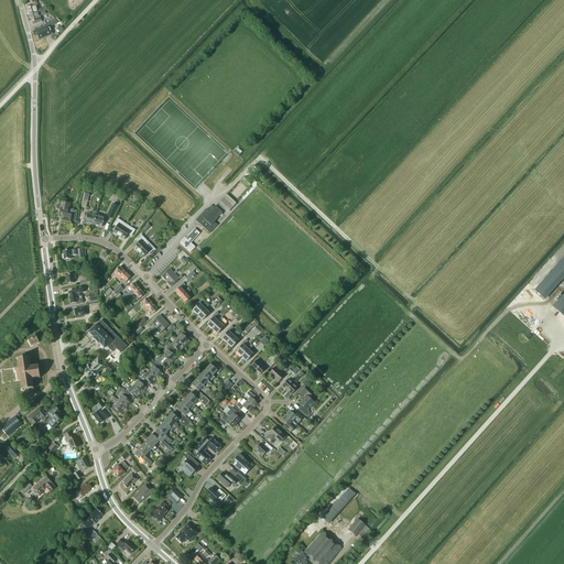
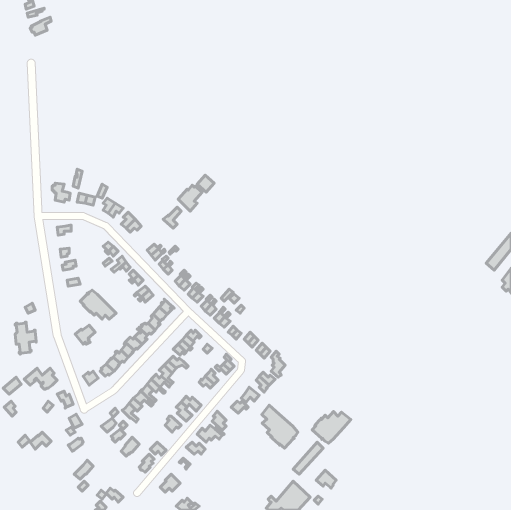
building: none -> [262,405,298,448]
building: none -> [312,411,351,443]

